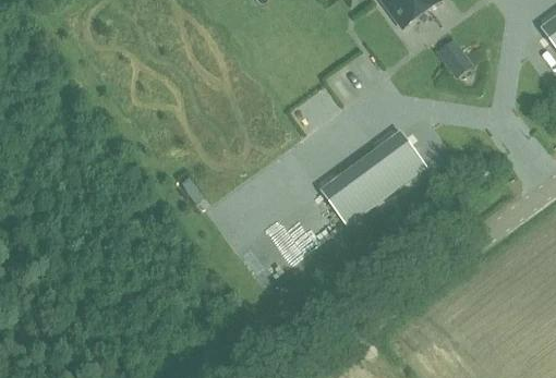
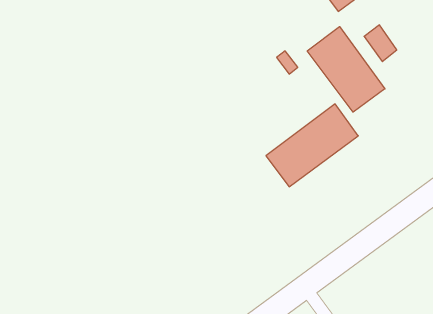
building: none -> [307,27,385,112]

